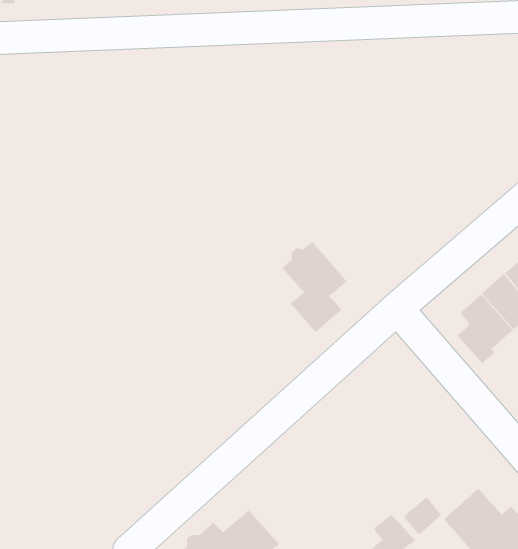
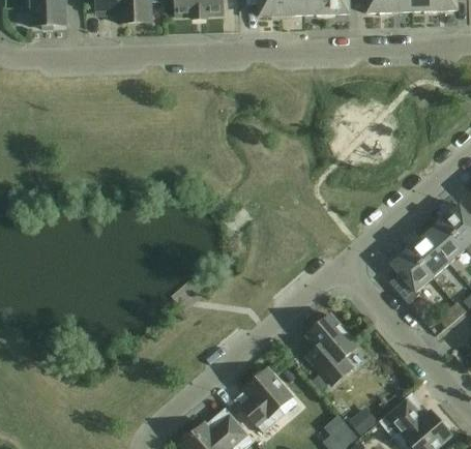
building: [281,241,348,333] -> [306,313,357,384]
building: none -> [240,367,292,431]

